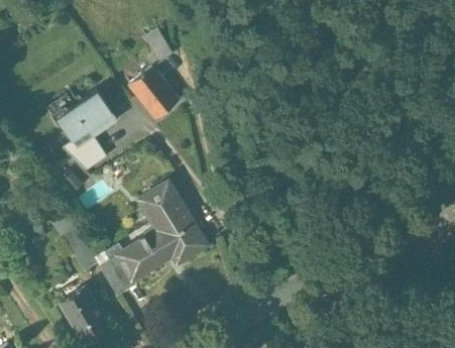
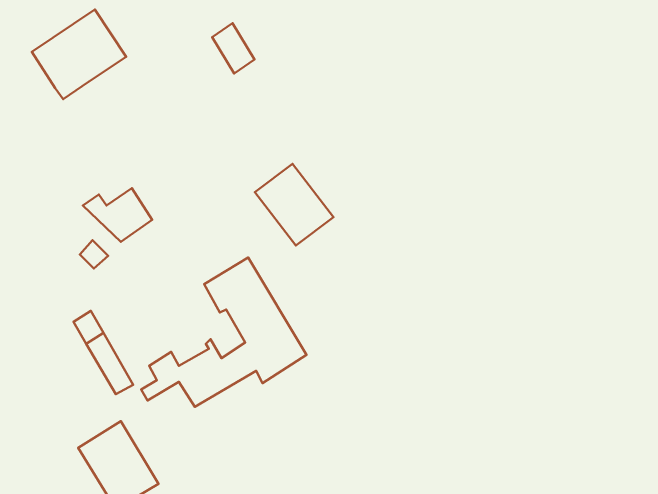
building: [128,68,179,120] -> [255,164,333,246]
building: [56,91,117,148] -> [32,10,126,99]
building: [103,261,136,296] -> none

